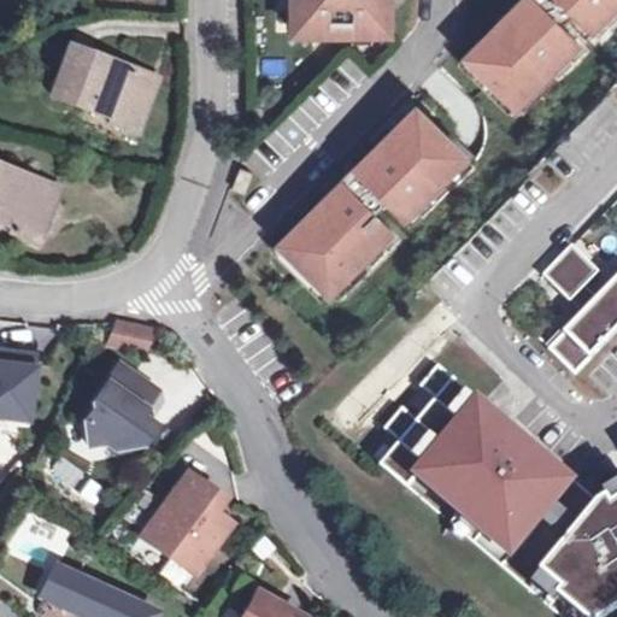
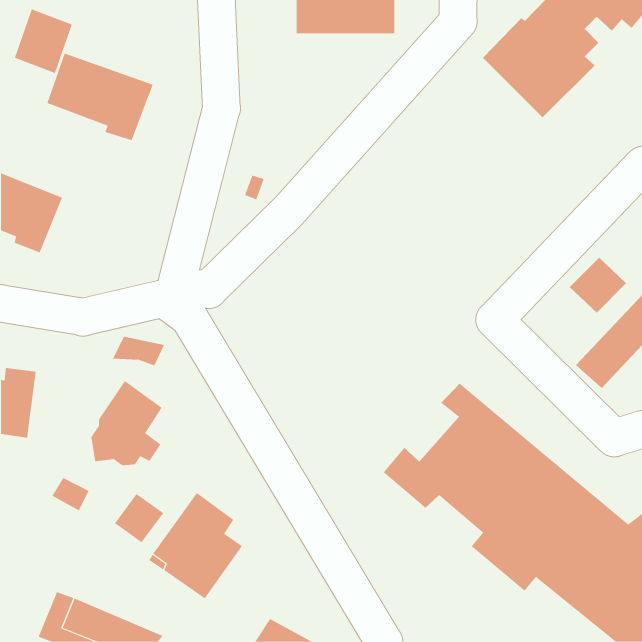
building: none -> [14,9,73,74]
building: [280,102,472,298] -> none
building: none -> [114,493,164,543]

